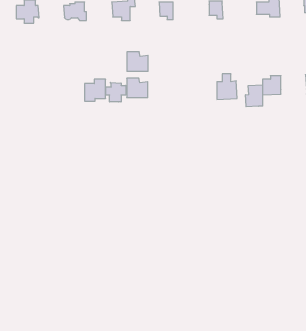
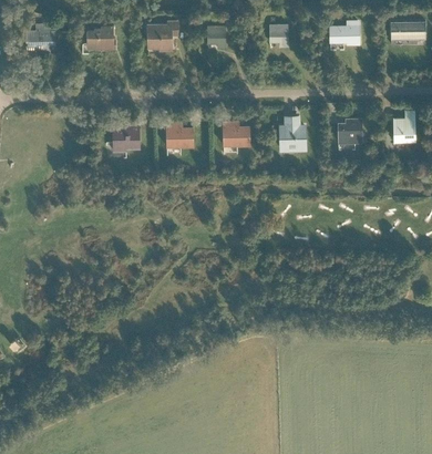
building: [127,52,148,71] -> [223,122,249,146]
building: [106,82,126,102] -> none
building: [246,85,263,107] -> none

